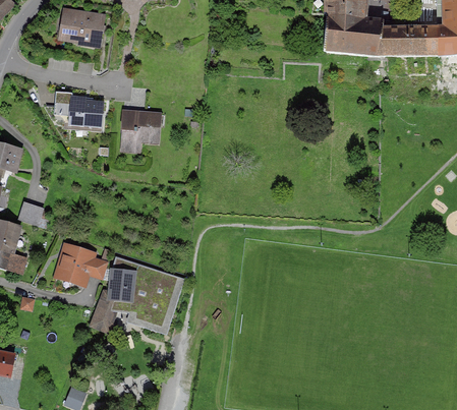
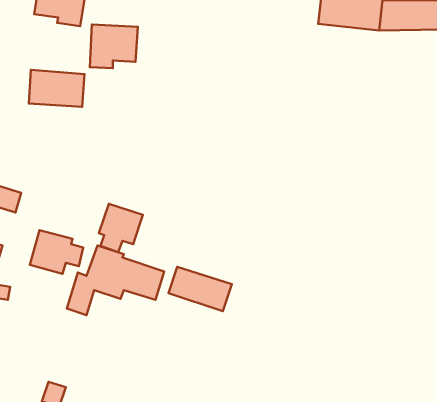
building: [119,110,164,151] -> [90,25,138,68]
building: none -> [99,204,143,252]
building: none -> [168,267,232,311]

